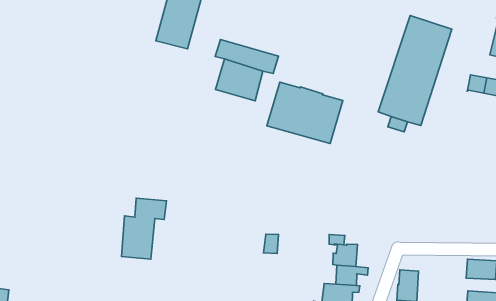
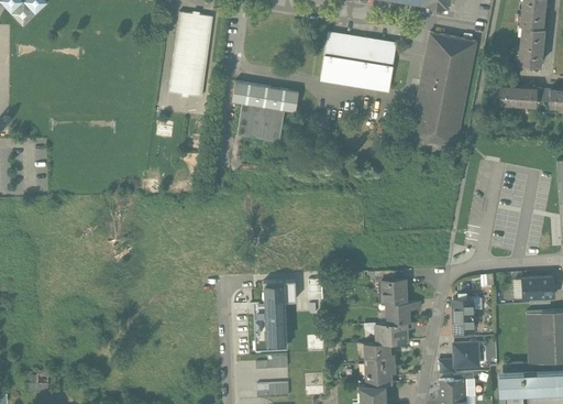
building: [267,82,343,143] -> [321,35,397,92]
building: [122,198,167,259] -> [254,283,296,347]

